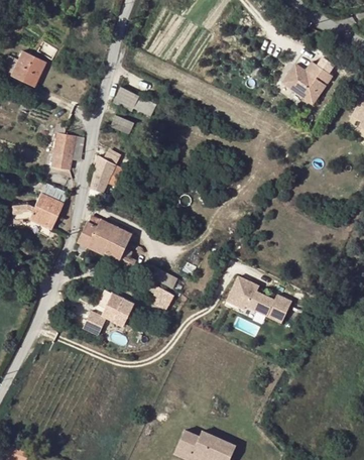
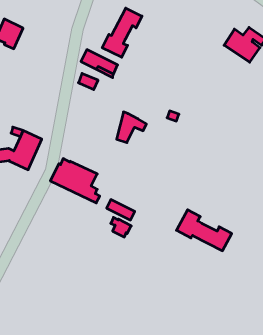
building: none -> [102,8,142,57]
building: [50,123,83,179] -> none
building: [90,156,125,193] -> [117,112,146,143]
building: [83,290,133,334] -> none

